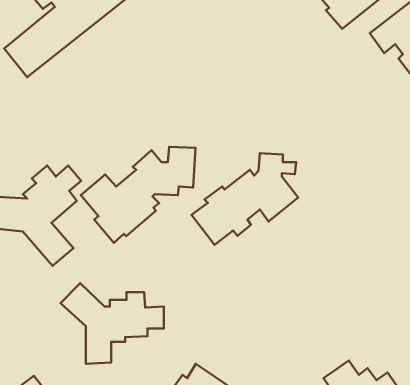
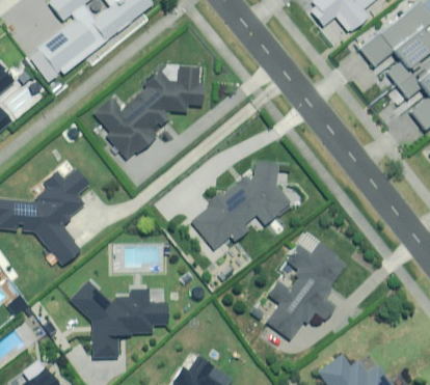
building: [81,147,195,243] -> [96,65,204,156]
building: none -> [266,242,347,338]

